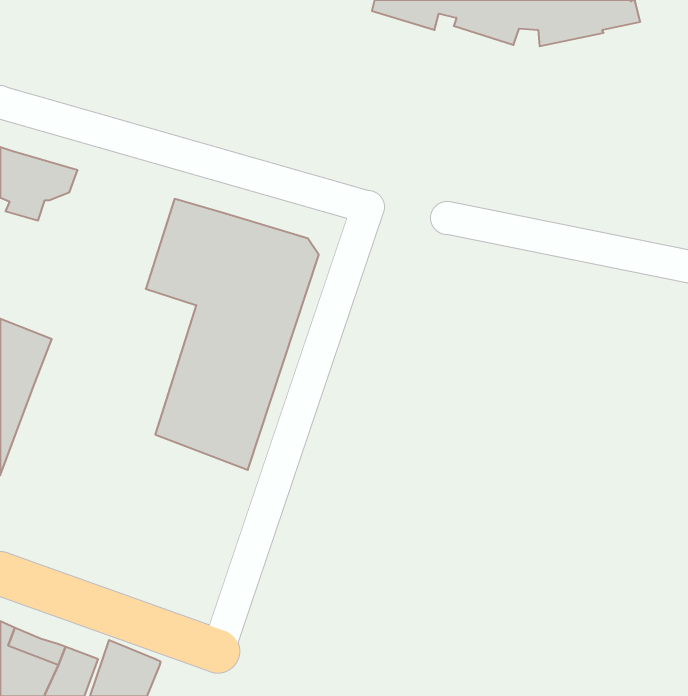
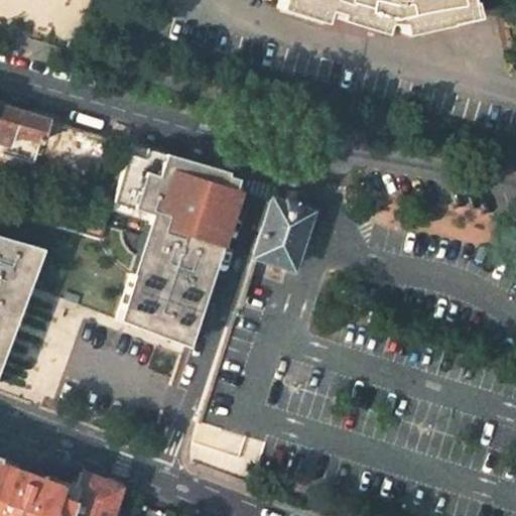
building: none -> [256,194,313,269]

